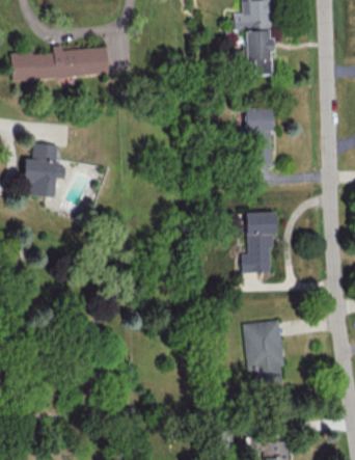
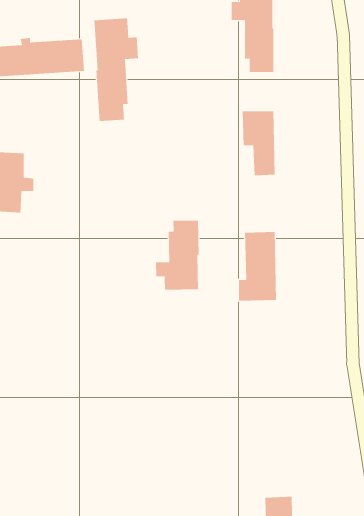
building: none -> [94,18,139,122]
building: none -> [155,220,199,290]
building: [243,321,284,386] -> none

